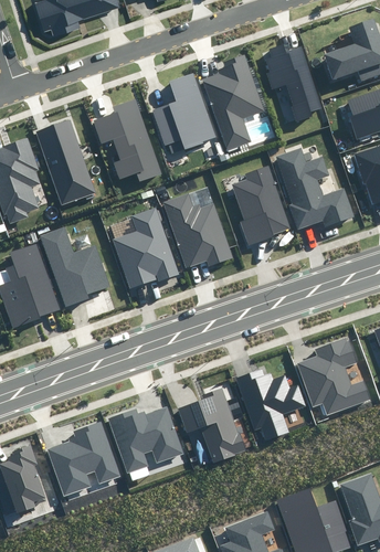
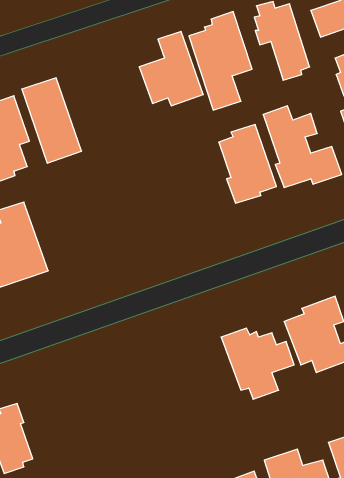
building: [91,99,161,182] -> none
building: [161,193,232,268] -> none
building: [113,208,178,288] -> none
building: [40,227,109,307] -> none
building: [176,388,245,463] -> none
building: [107,407,182,475] -> none
building: [46,423,119,496] -> none

